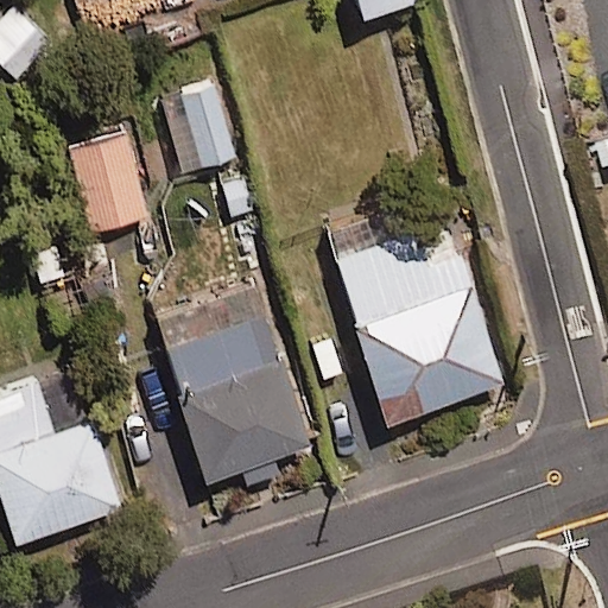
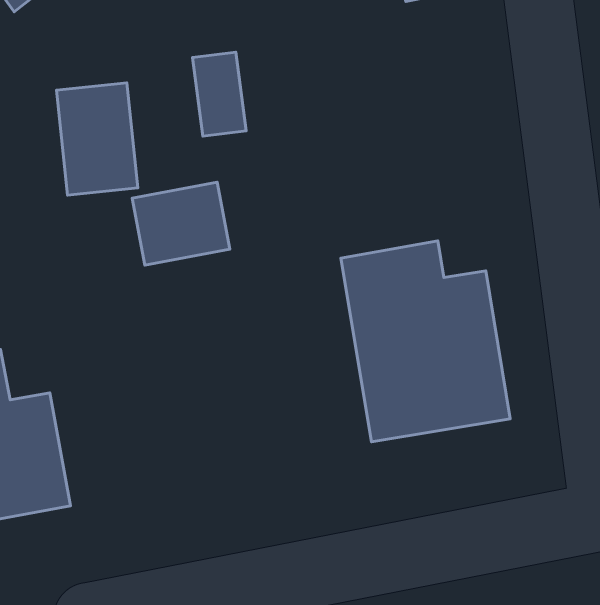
building: none -> [132,182,230,265]
building: [152,292,308,488] -> none

